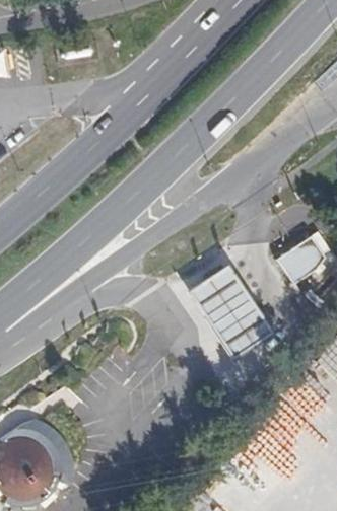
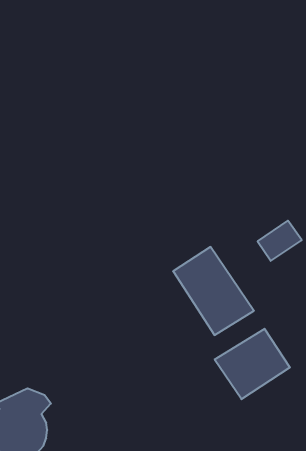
building: none -> [215,329,290,399]

